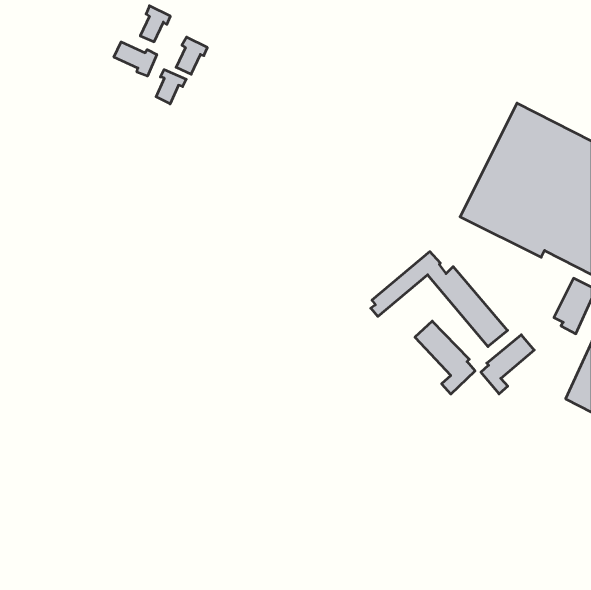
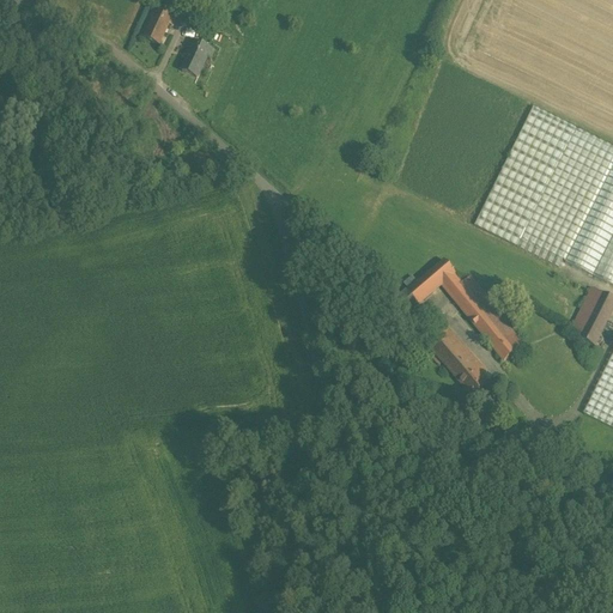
building: [114,42,157,76] -> none
building: [156,70,186,104] -> none
building: [481,335,534,394] -> none

